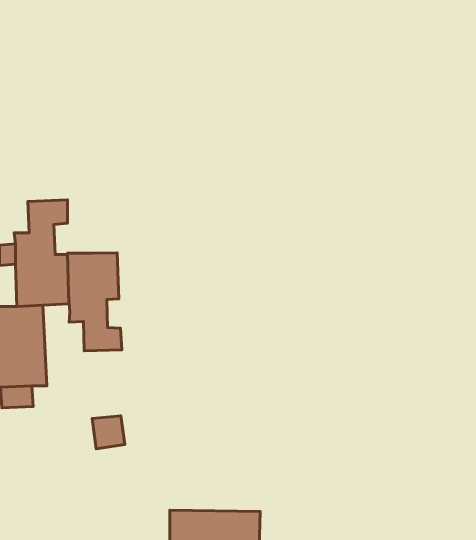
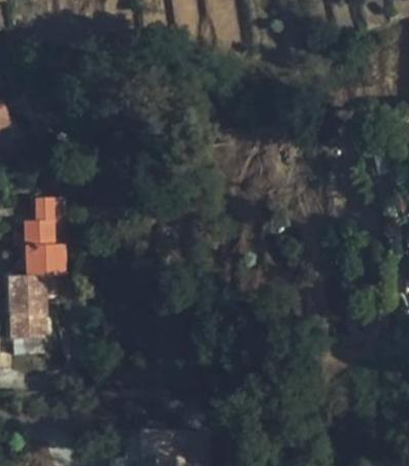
building: [67,253,122,351] -> none

